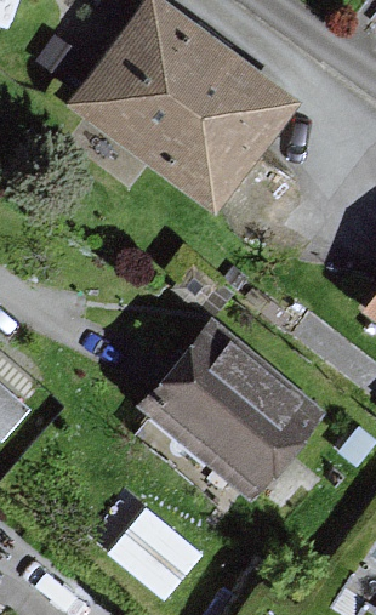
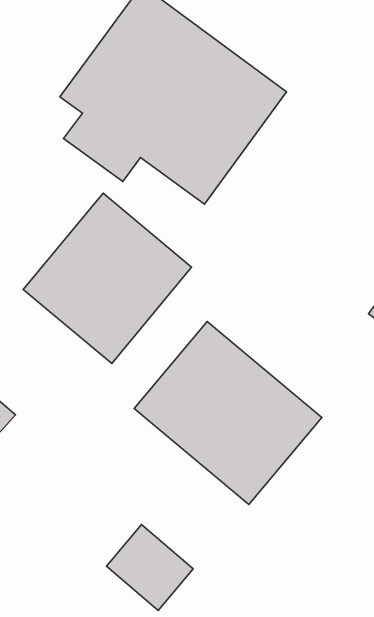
building: none -> [23,193,192,364]

